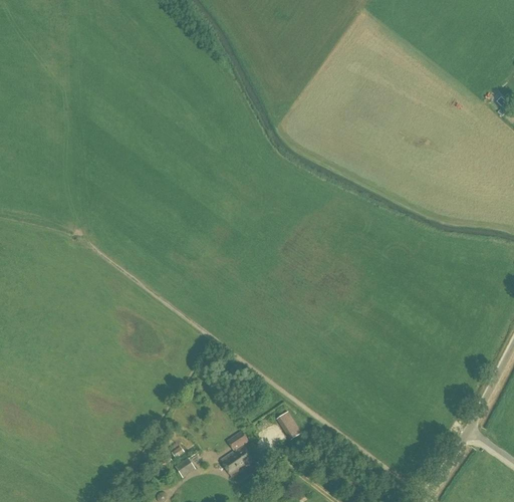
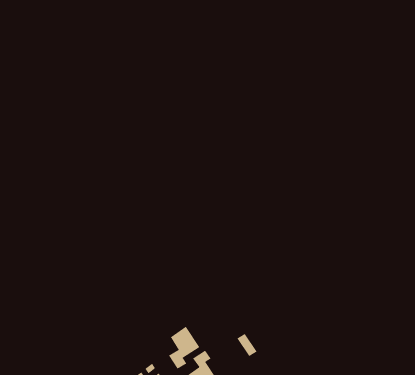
building: none -> [168,326,200,370]

